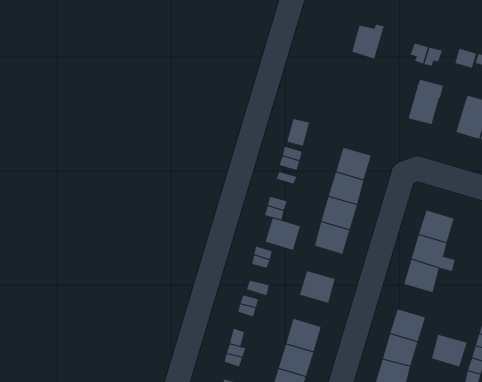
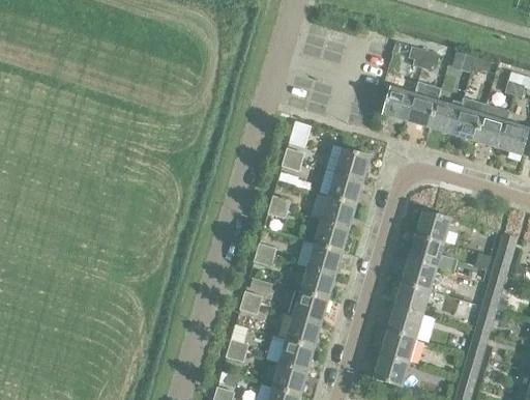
building: [351,24,384,59] -> [382,86,414,120]
building: none -> [429,101,461,134]
building: [265,218,301,250] -> [306,245,342,277]
building: none -> [288,290,328,323]
building: [431,334,467,367] -> [394,282,430,314]

